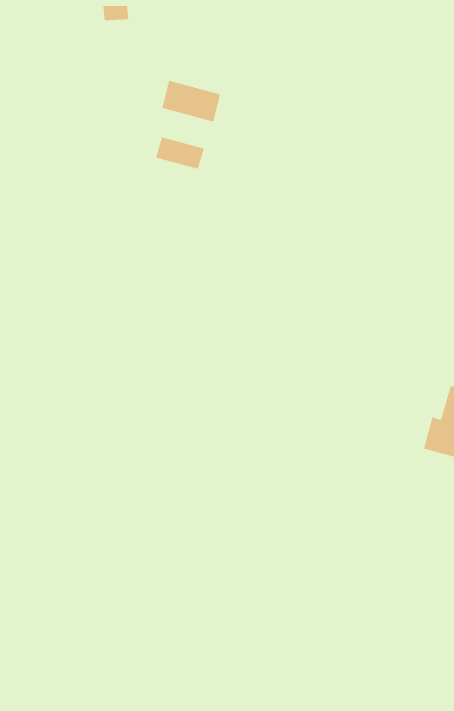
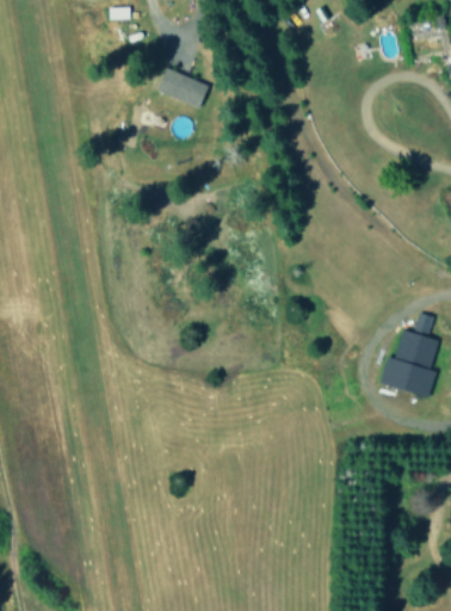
building: [155,137,204,170] -> none

